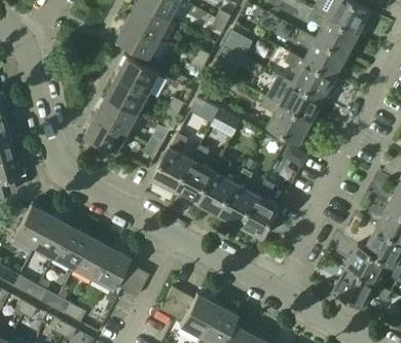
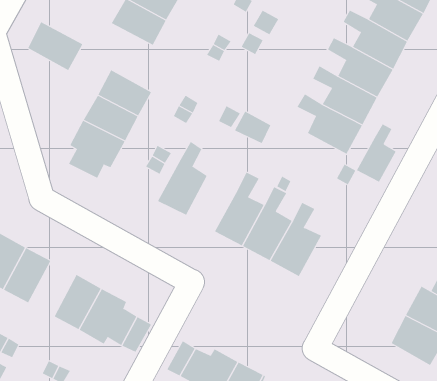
building: [116,57,159,95] -> [27,22,83,71]
building: none -> [356,124,397,182]
building: [175,145,214,203] -> none
building: [52,226,89,269] -> none

